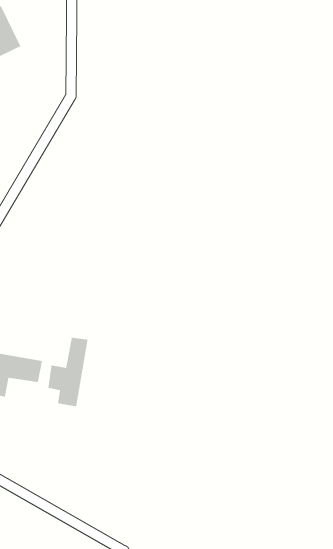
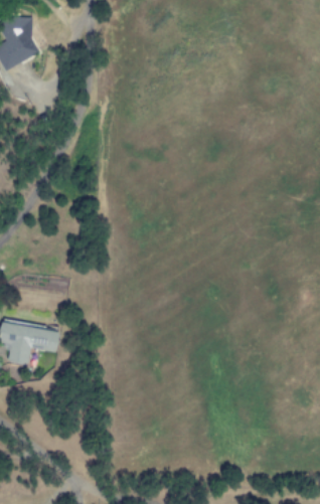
building: [47,337,89,407] -> none

